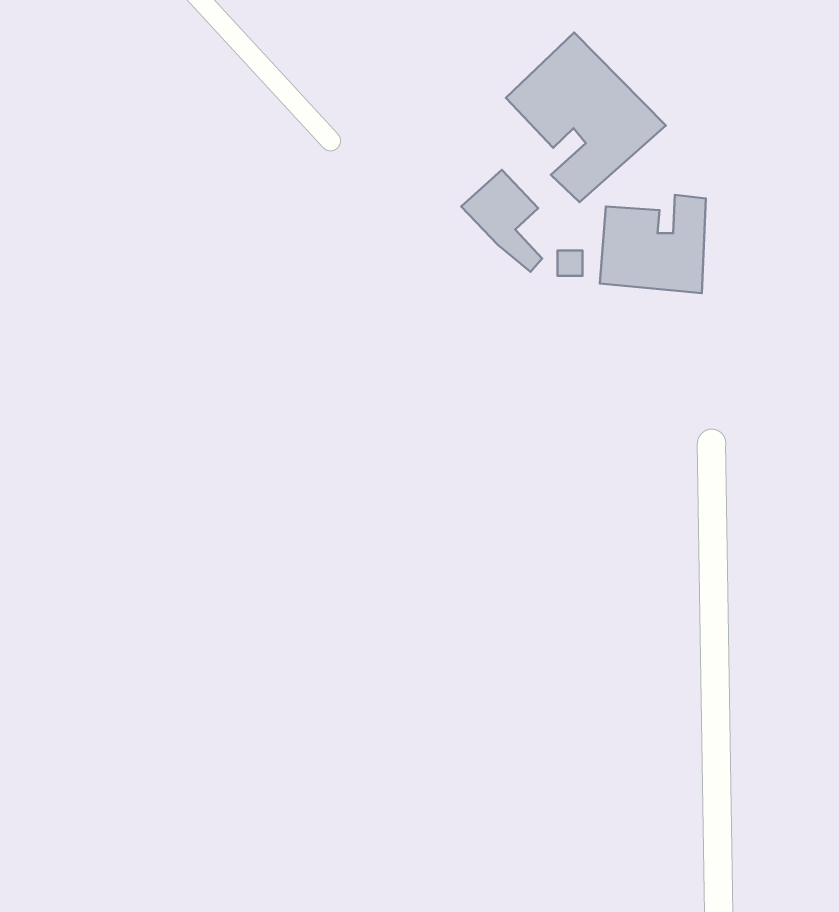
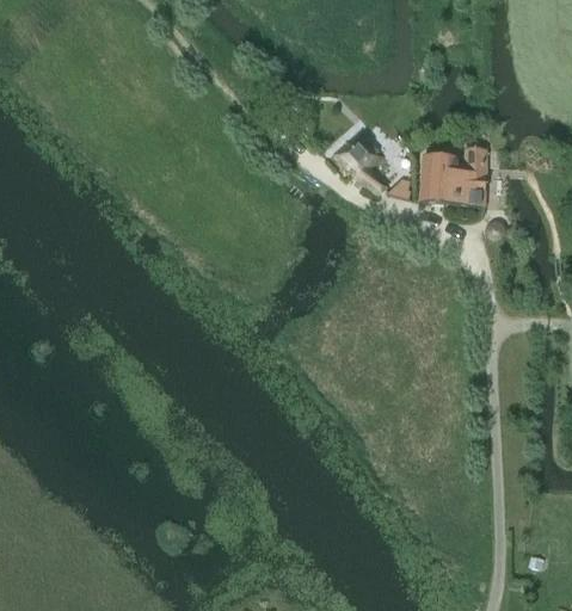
building: [506,33,666,202] -> none

